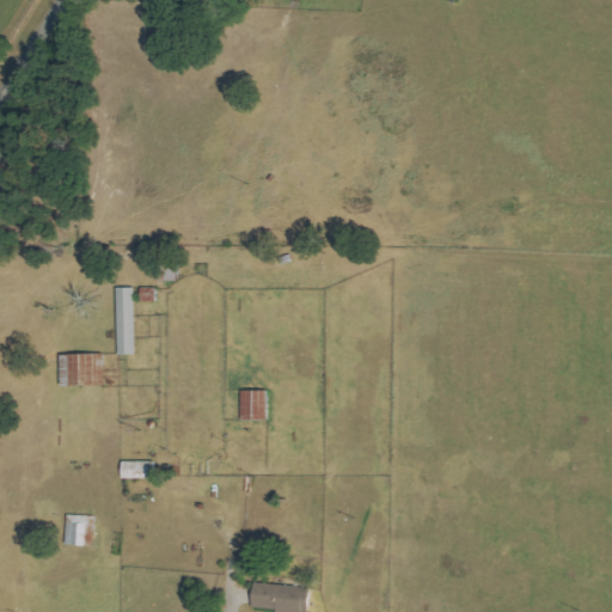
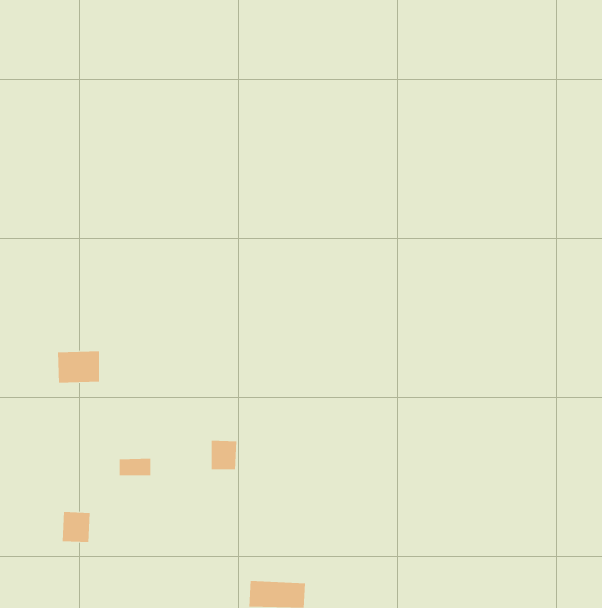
building: [114,287,133,354] -> none
building: [239,390,265,420] -> [211,440,237,470]

